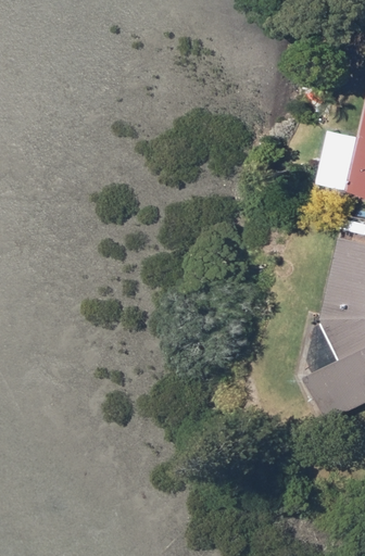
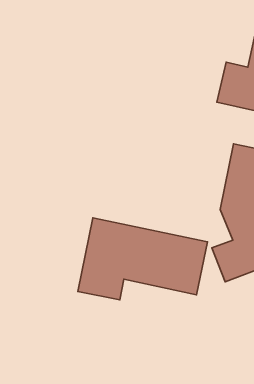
building: none -> [78,218,207,300]

